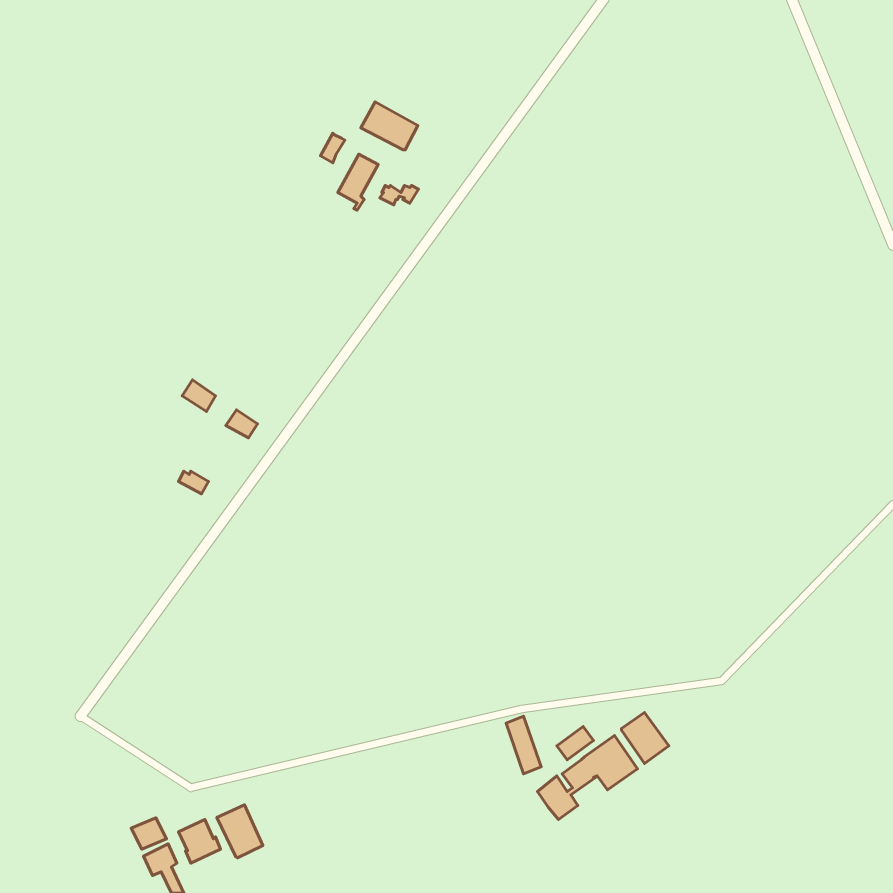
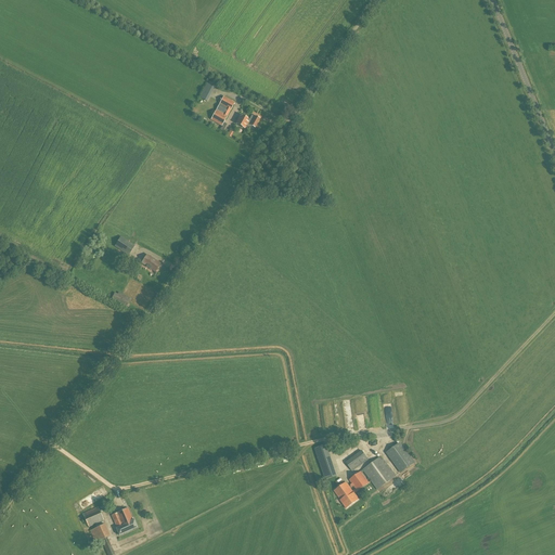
building: [361,102,418,150] -> none
building: [217,805,263,858] -> none

